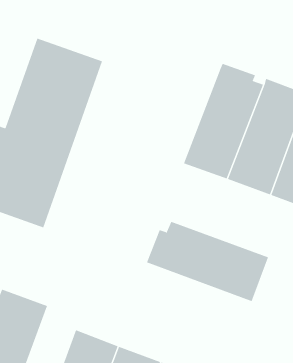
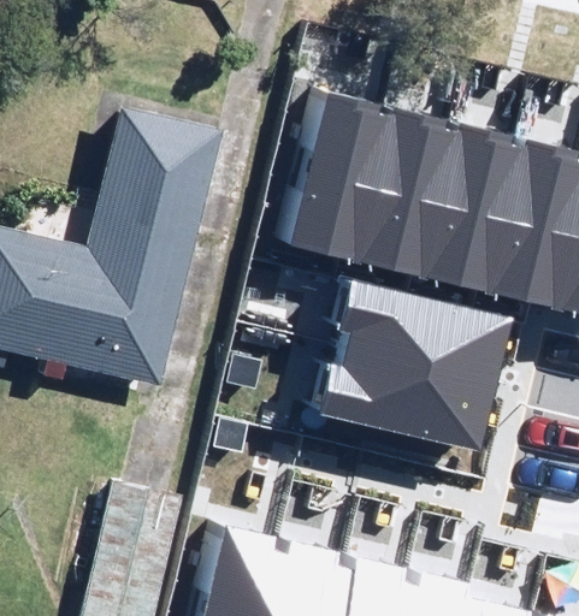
building: none -> [289,91,392,262]
building: none -> [339,279,513,385]

